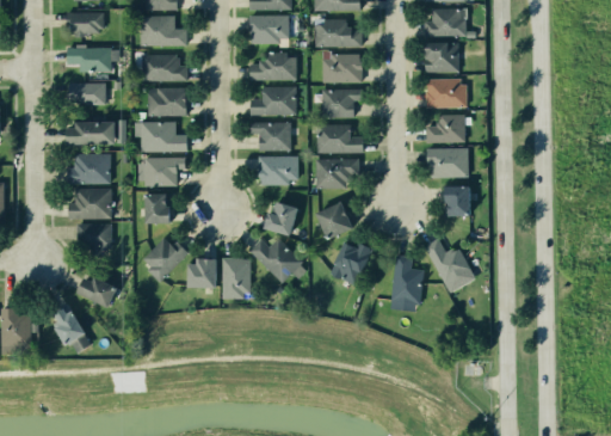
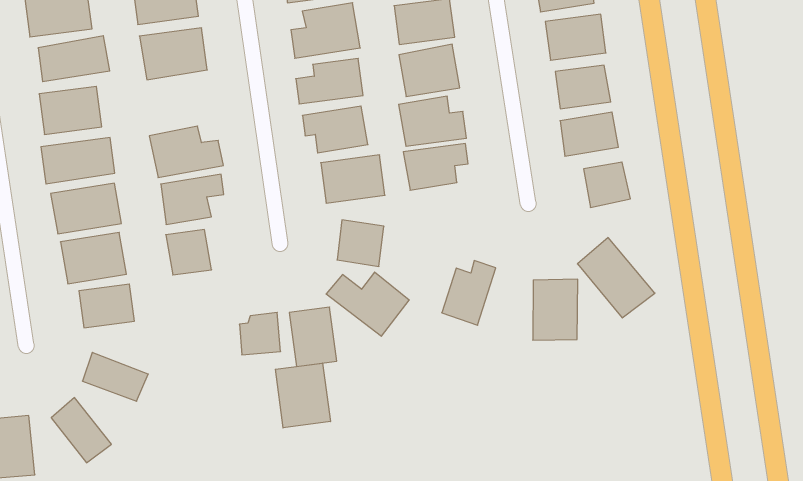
building: [149,87,189,117] -> none
building: [313,199,353,239] -> none
building: [142,234,189,281] -> none
building: none -> [275,363,330,428]

